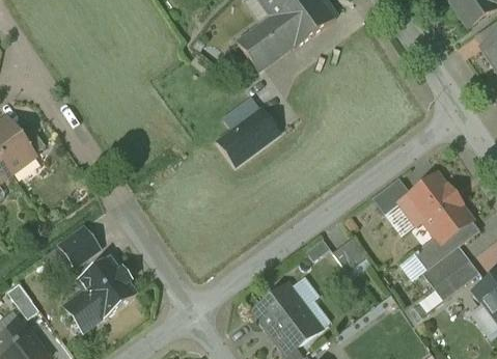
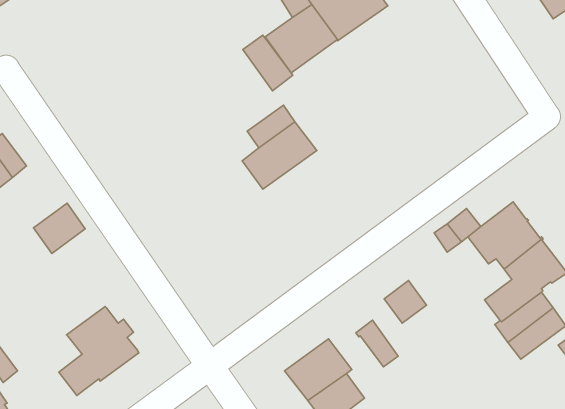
building: none -> [243,35,293,91]
building: [58,225,100,266] -> [34,203,85,254]
building: none -> [356,320,398,367]

